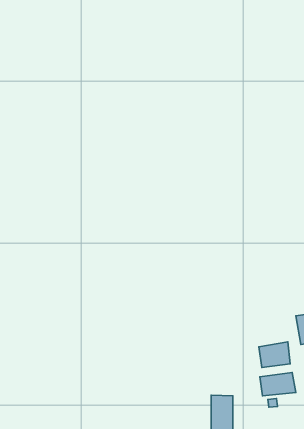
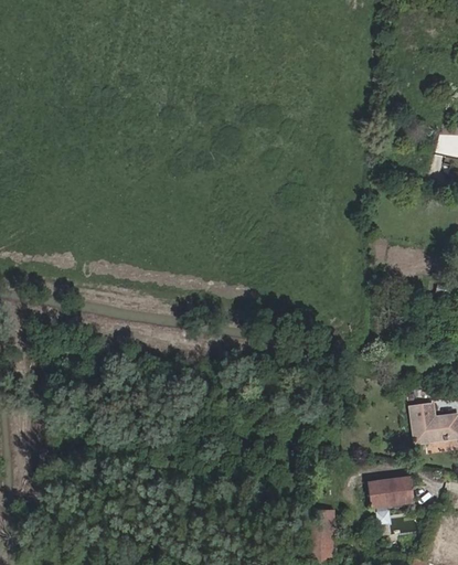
building: [259,342,290,368] -> none

